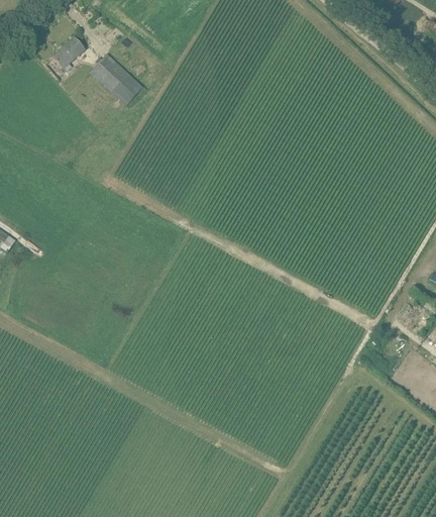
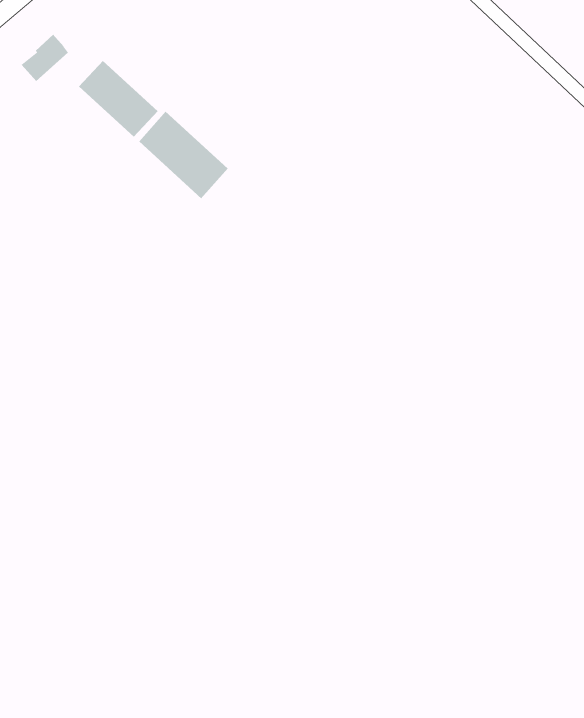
building: none -> [138,111,228,199]

